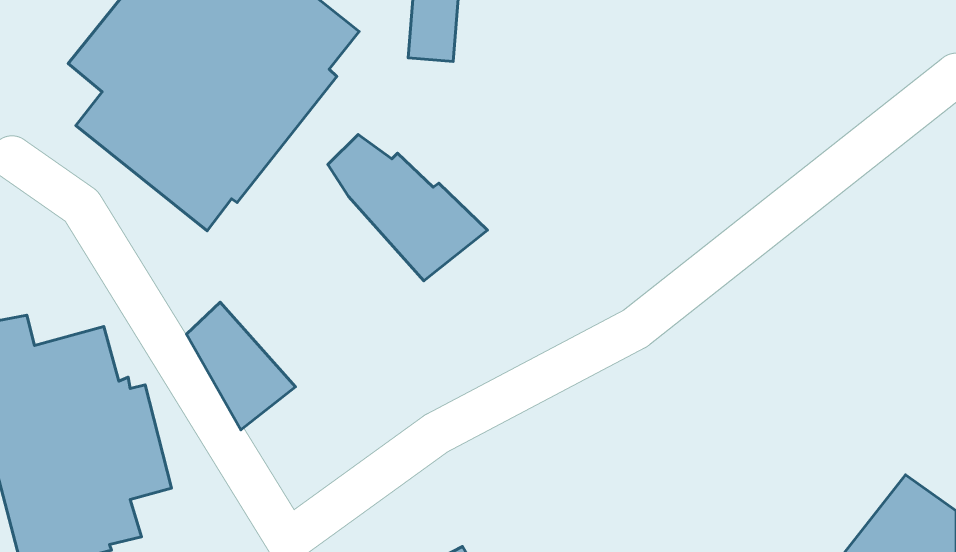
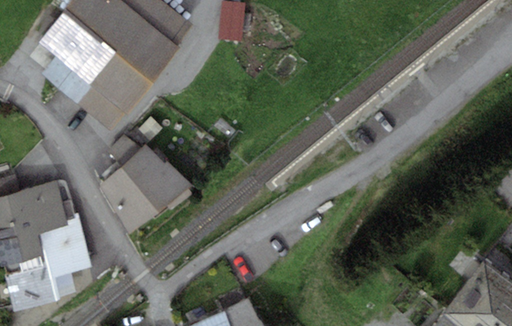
building: [328,134,488,281] -> [108,135,193,213]

